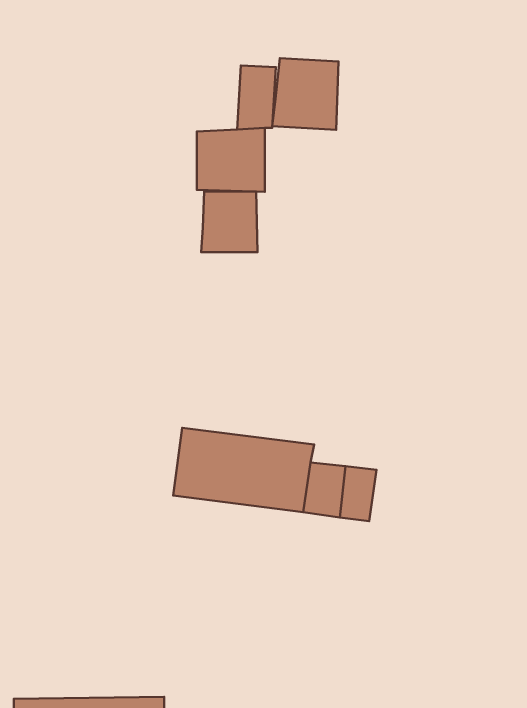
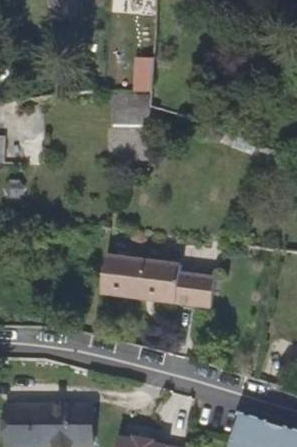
building: [272,58,338,130] -> none
building: [201,192,258,252] -> none

